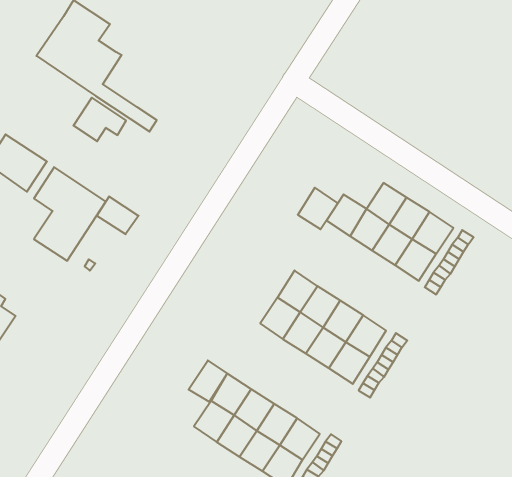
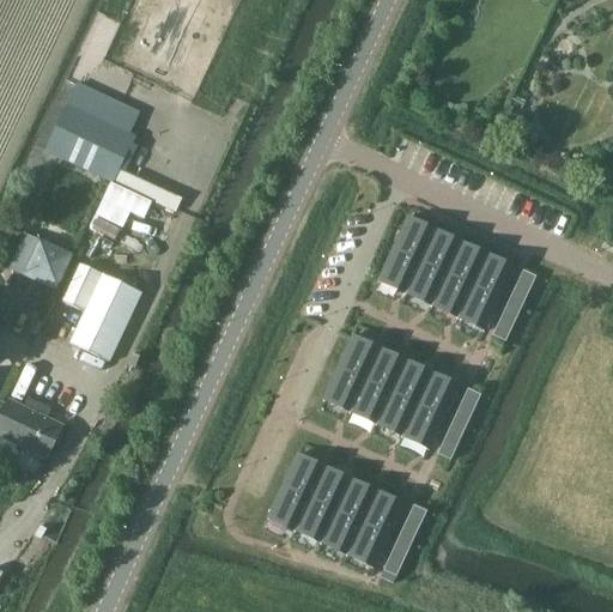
building: [298,188,338,229] -> [392,217,432,260]
building: [97,196,139,234] -> none
building: [189,360,227,402] -> none

